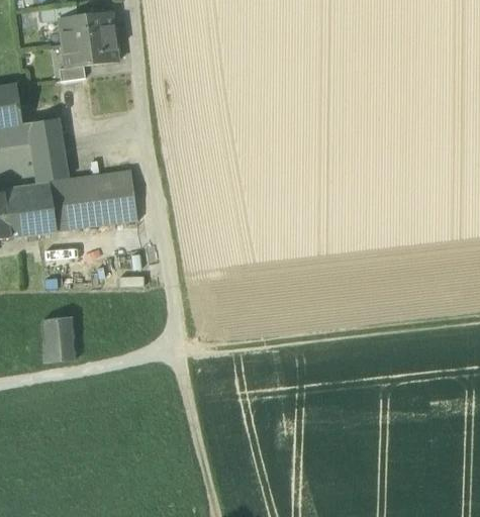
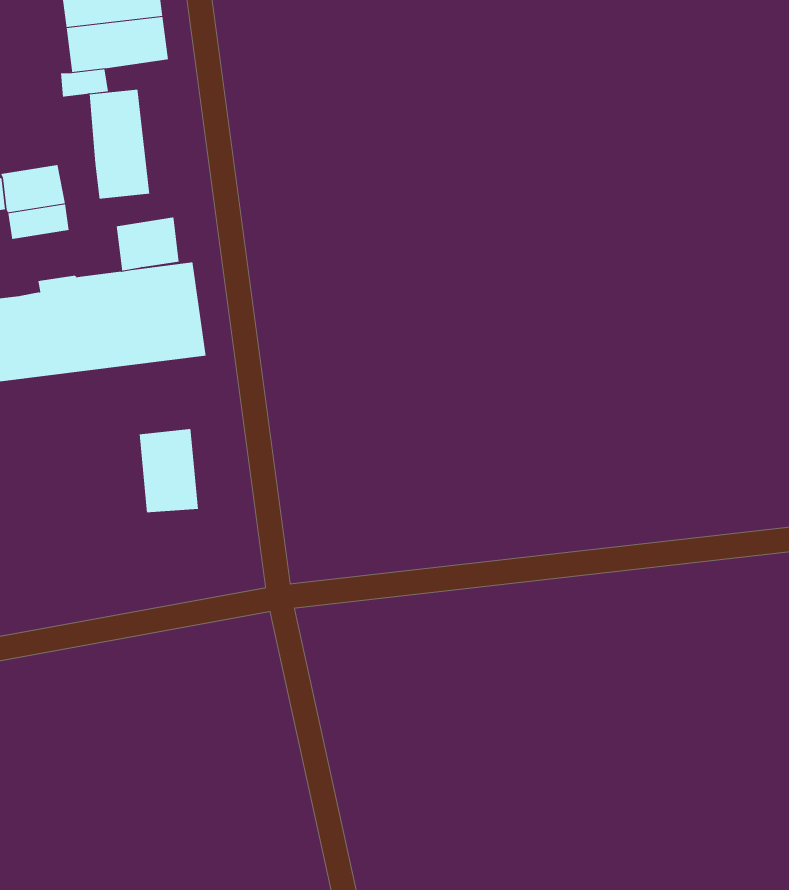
building: none -> [89,89,150,200]
building: [32,152,67,182] -> [116,217,180,271]
building: [42,316,75,361] -> [139,429,199,513]

